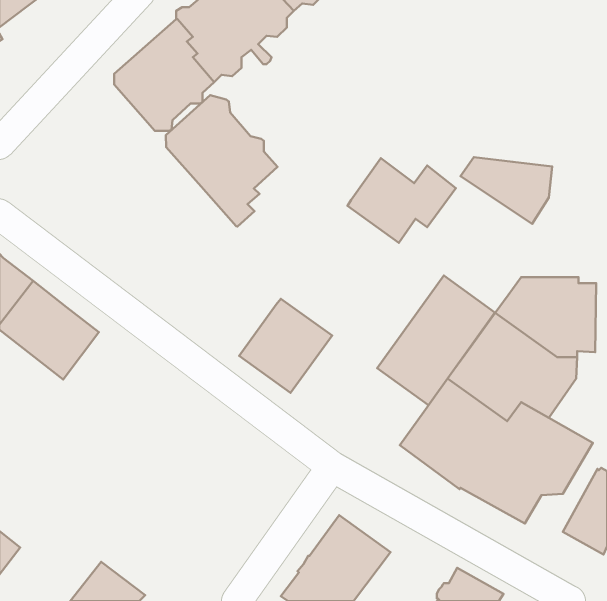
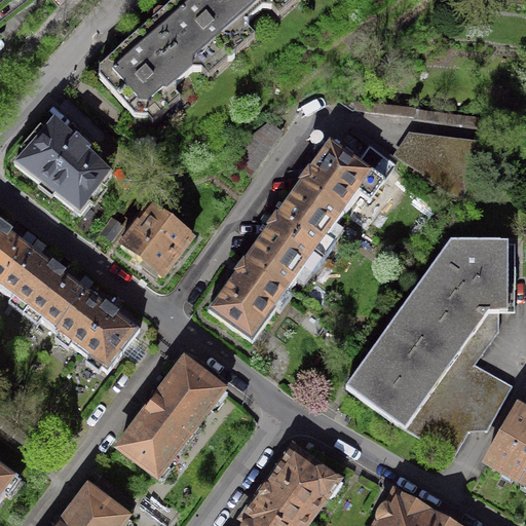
building: [166,95,277,226] -> none
building: none -> [13,114,111,210]
building: none -> [119,202,190,273]
building: [377,275,495,405] -> [242,178,344,290]
building: none -> [54,287,138,368]
building: none -> [117,359,222,475]

